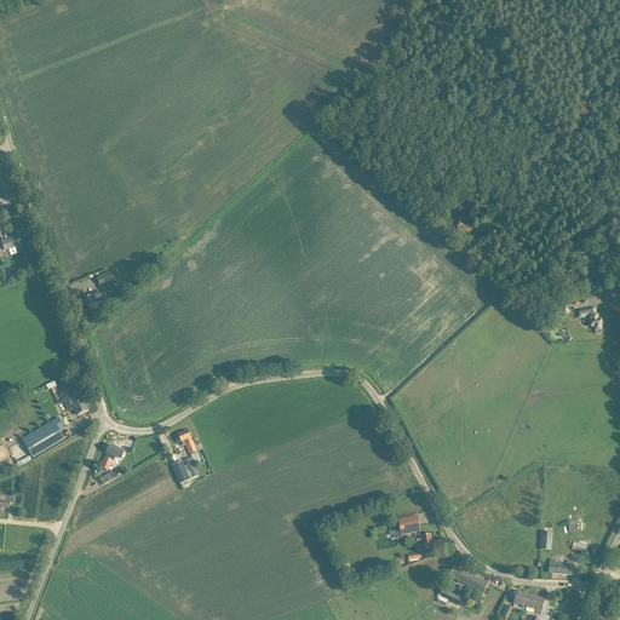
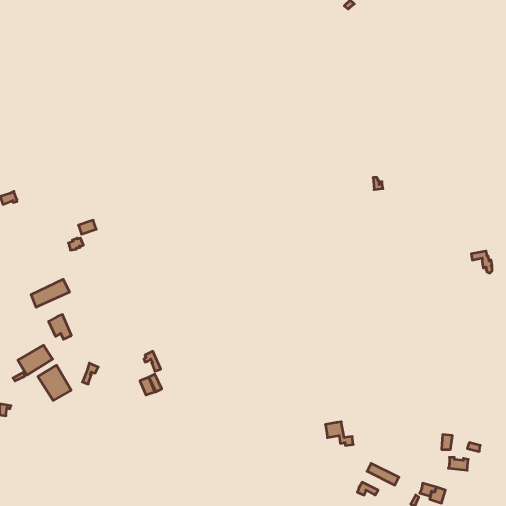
building: none -> [31,279,69,307]
building: none -> [38,365,71,400]

